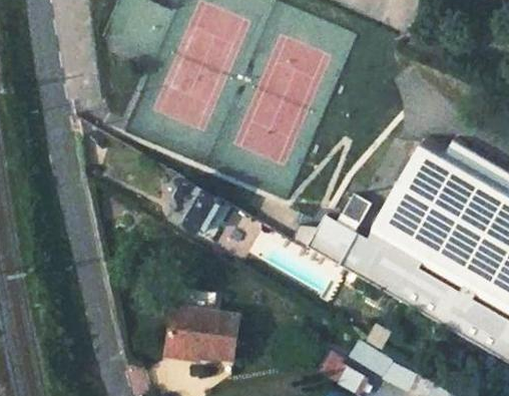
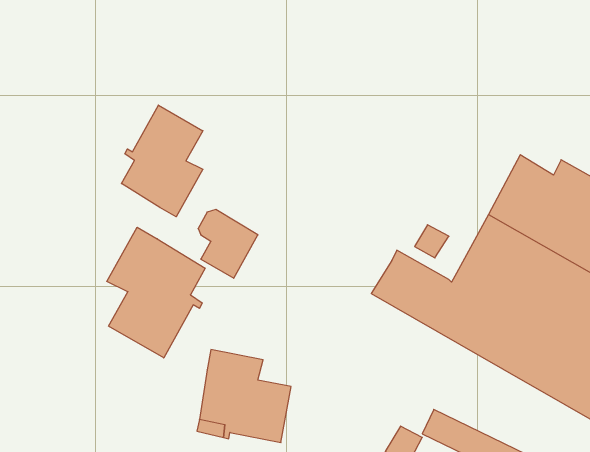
building: none -> [121,105,203,217]
building: none -> [107,227,205,358]

